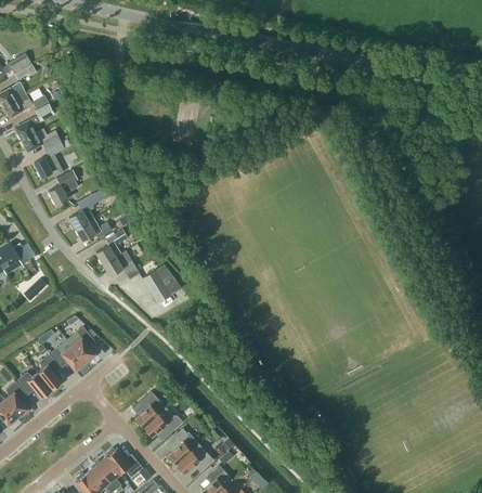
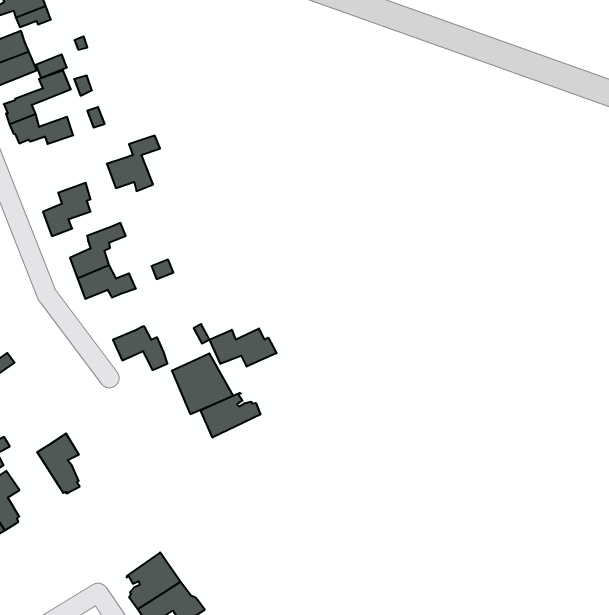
building: [34,142,65,178] -> [107,136,160,191]
building: [95,230,128,264] -> none
building: none -> [210,328,277,367]
building: none -> [200,393,260,438]
building: [50,340,86,372] -> none

